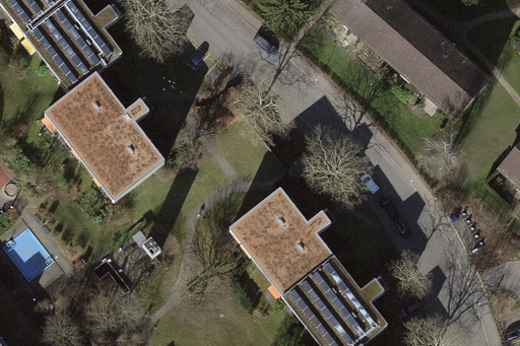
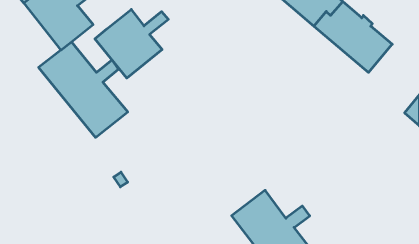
building: none -> [95,9,168,78]
building: [236,192,330,291] -> none

